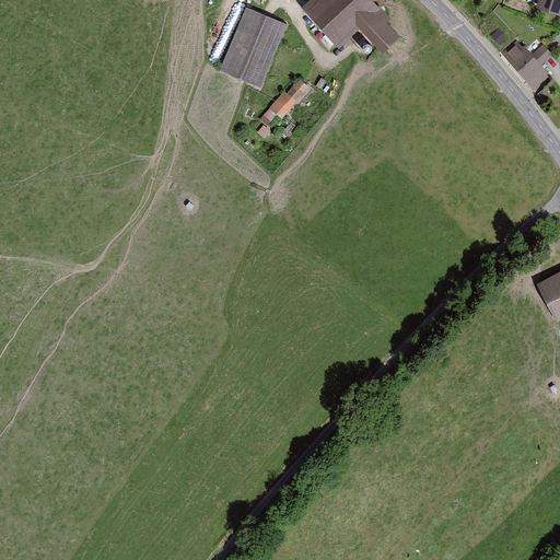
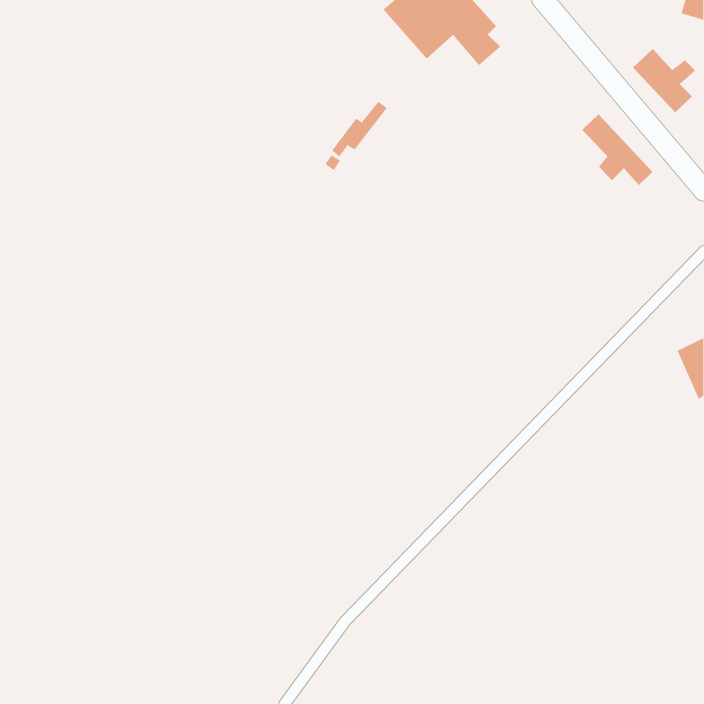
building: [220,8,287,88] -> none
building: none -> [582,114,653,186]

